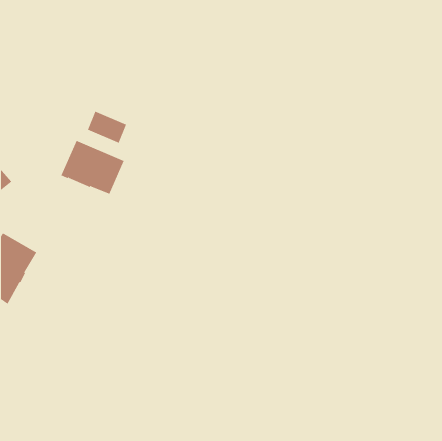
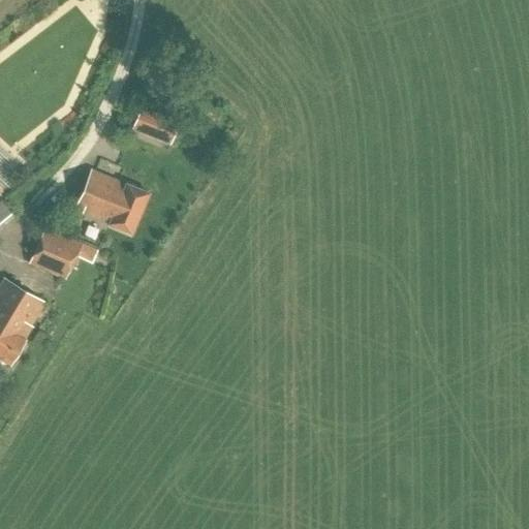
building: [87,111,127,144] -> [131,105,179,145]
building: none -> [28,227,97,279]

